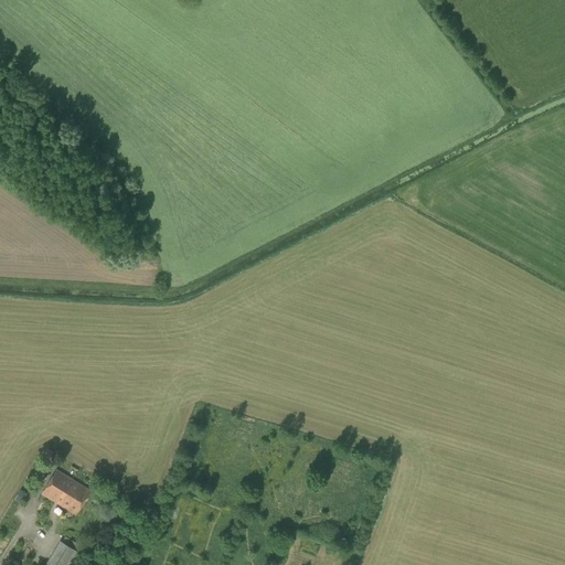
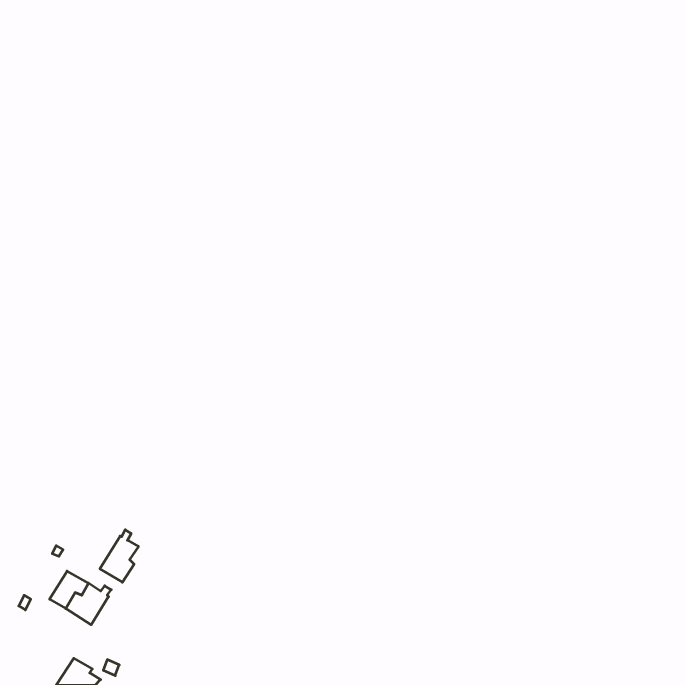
building: none -> [100,530,138,582]

